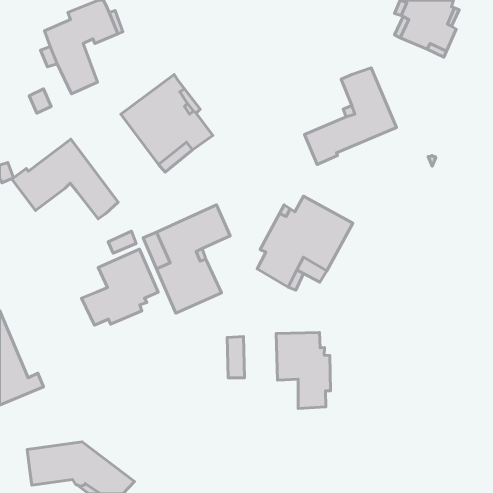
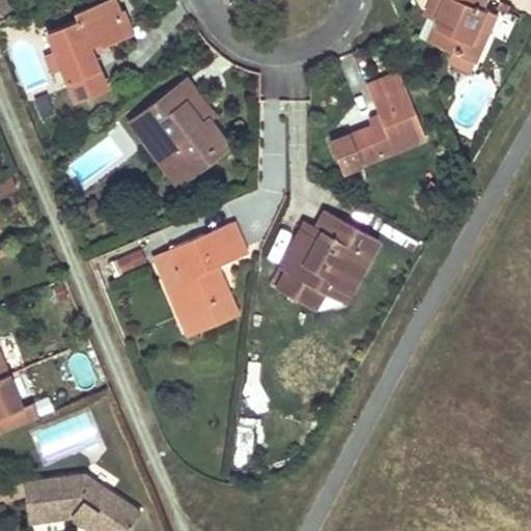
building: [12,139,118,219] -> none
building: [81,249,158,325] -> none
building: [276,333,331,409] -> none

